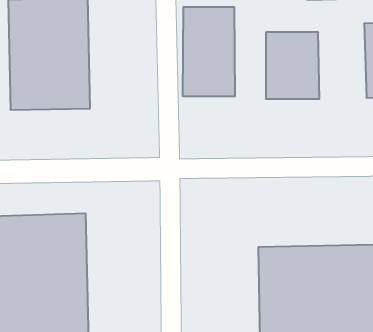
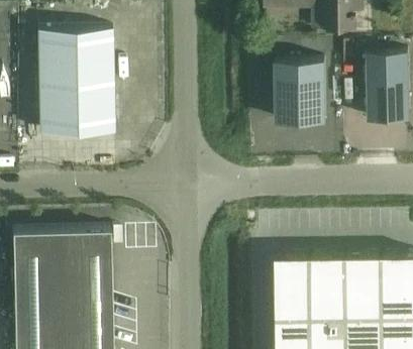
building: [183,7,235,96] -> none

